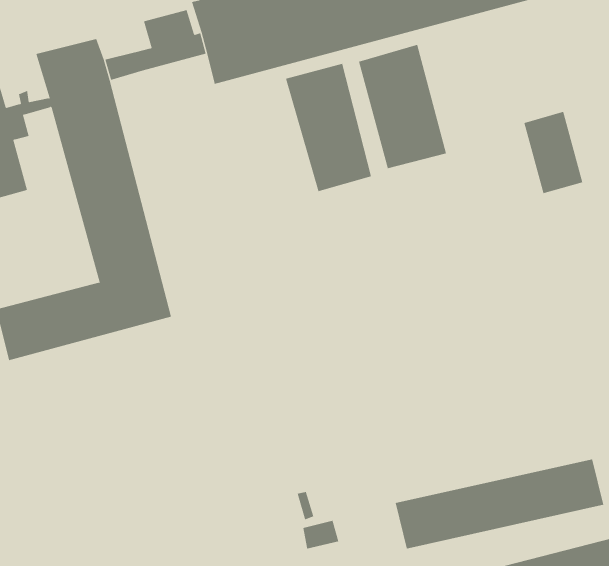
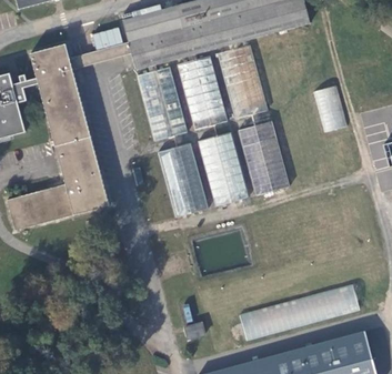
building: none -> [134,70,184,143]
building: none -> [238,122,290,194]
building: none -> [197,133,248,209]
building: none -> [155,144,205,220]

